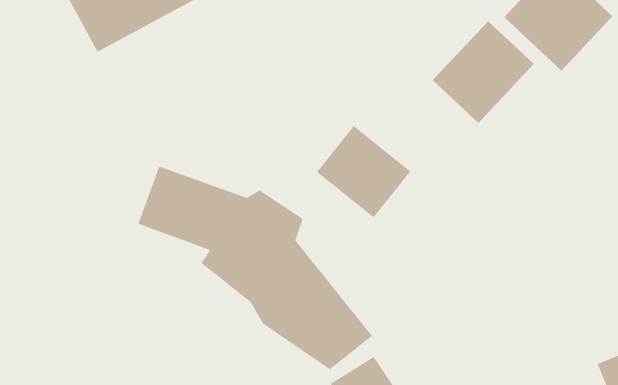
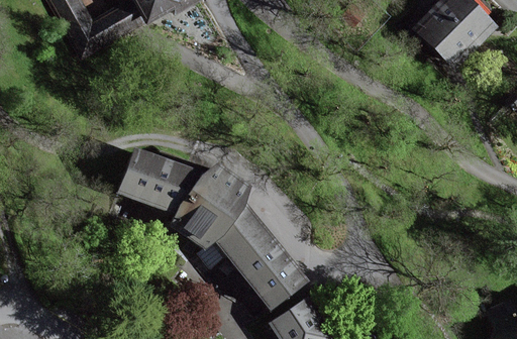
building: [432,20,535,124] -> none
building: [316,125,411,218] -> none

